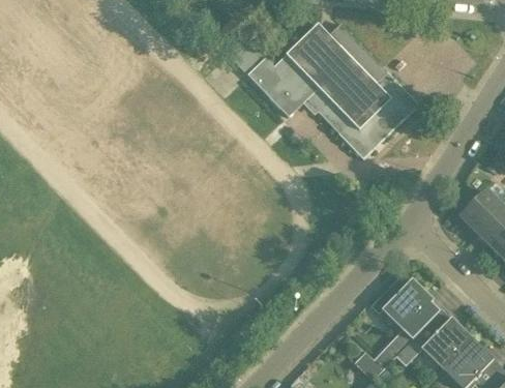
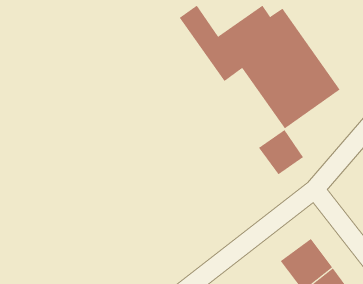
building: none -> [258,129,304,175]

